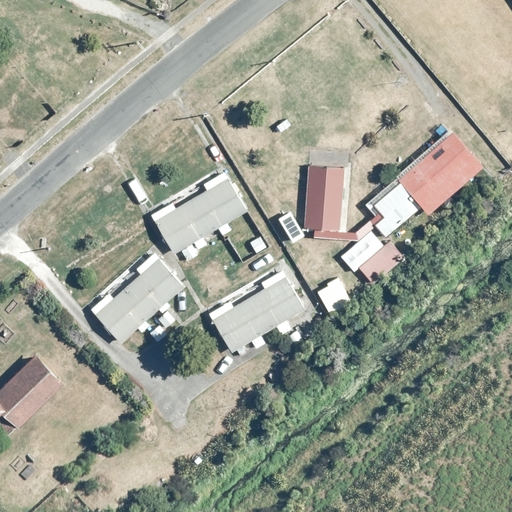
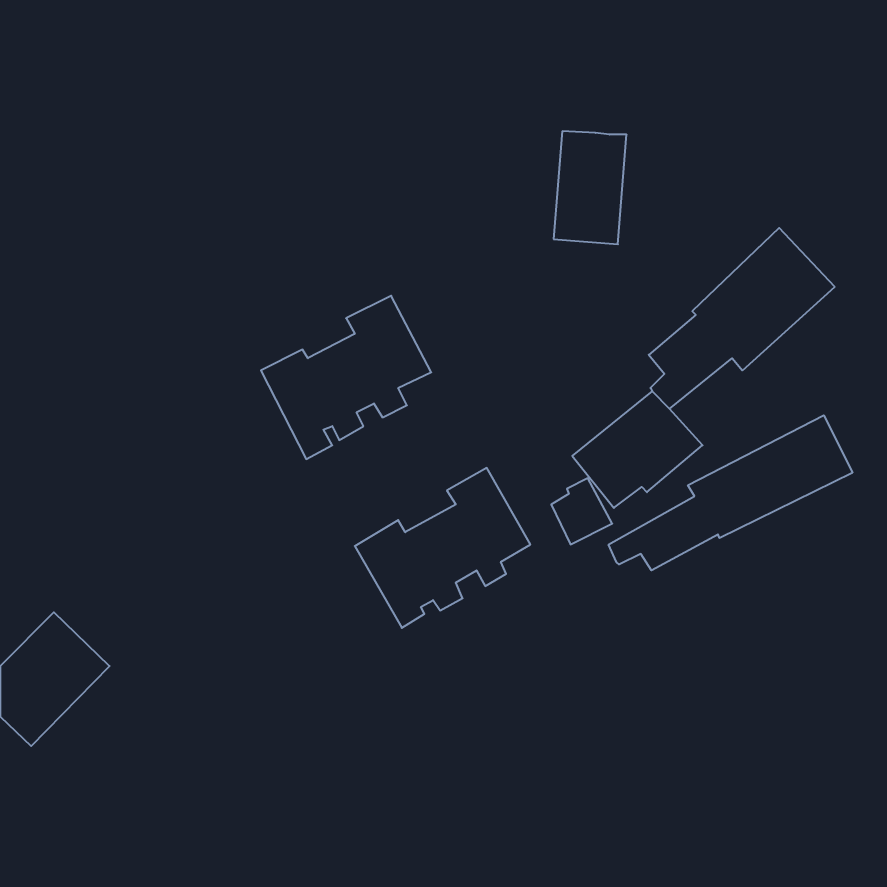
building: [302,164,344,229] -> [554,131,627,244]
building: none -> [609,415,852,570]
building: [87,249,188,343] -> none

